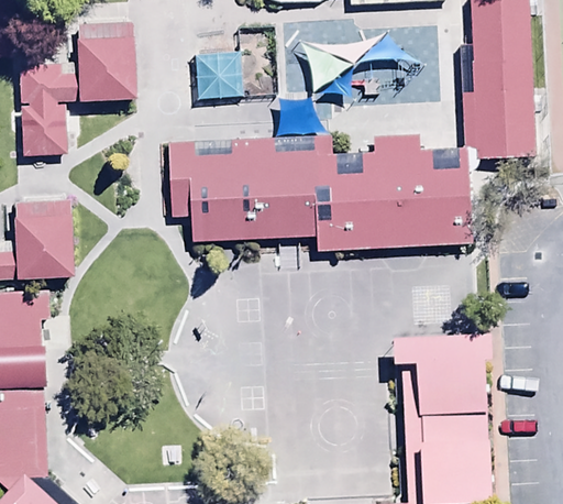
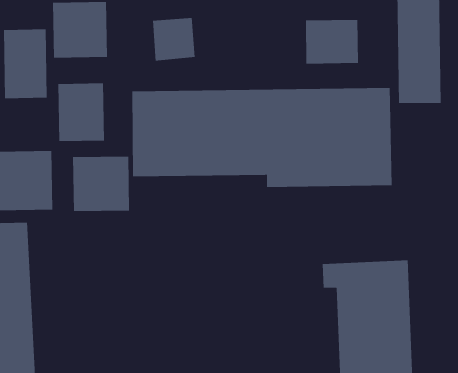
building: none -> [305,19,358,64]
building: none -> [58,83,104,142]
building: none -> [73,156,130,212]

